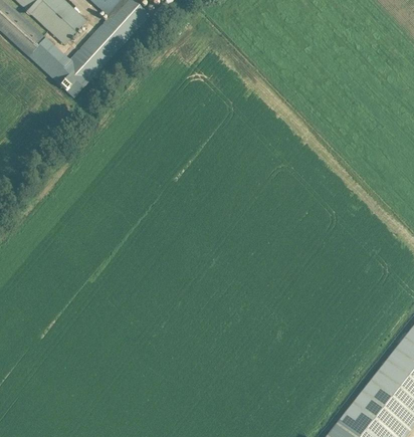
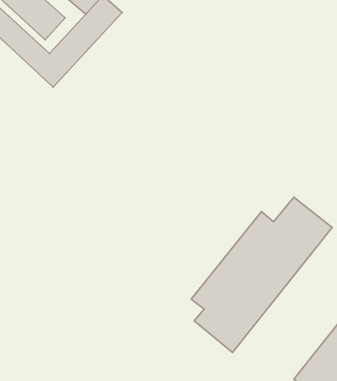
building: none -> [191,197,332,352]

